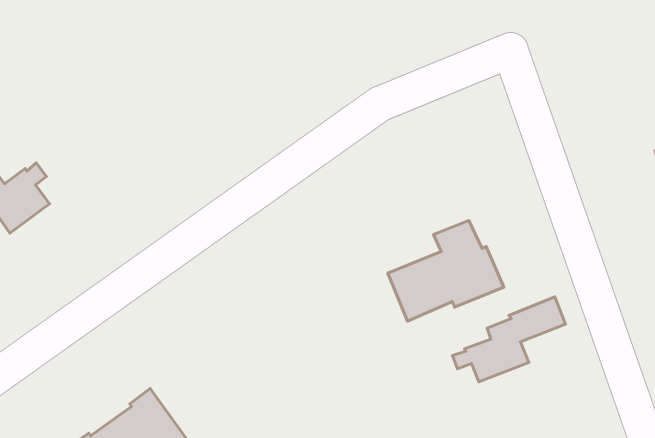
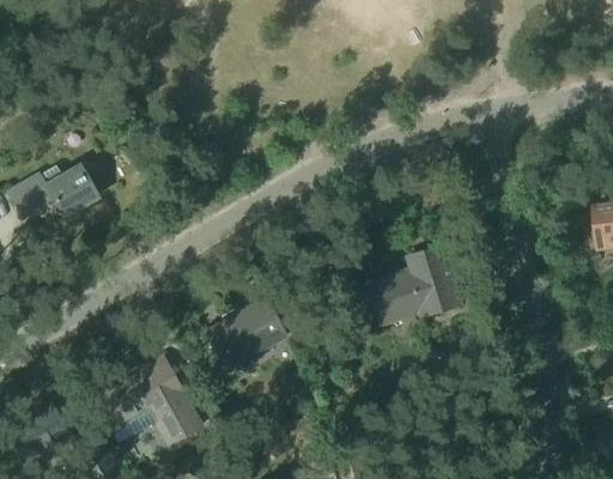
building: [453,297,565,382] -> none
building: none -> [207,297,287,368]

